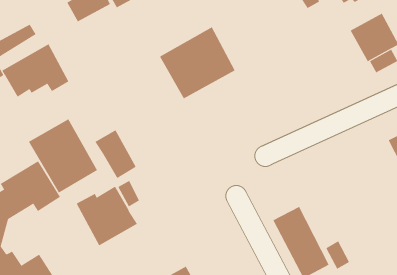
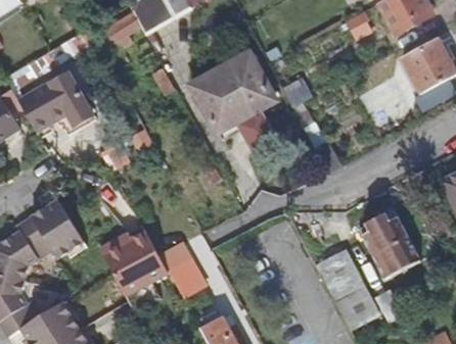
building: [28,119,98,193] -> none
building: [95,130,136,179] -> [159,243,206,297]
building: none -> [360,209,421,278]

